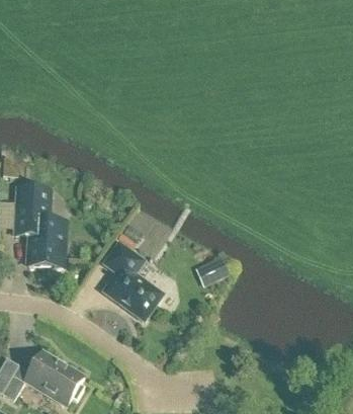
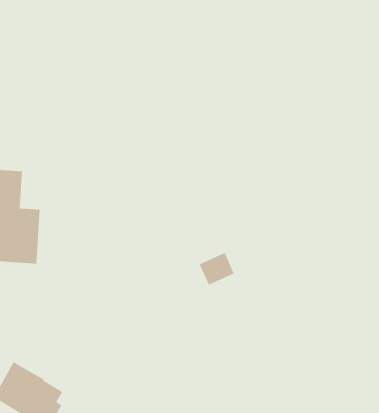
building: [103,242,163,320] -> none

